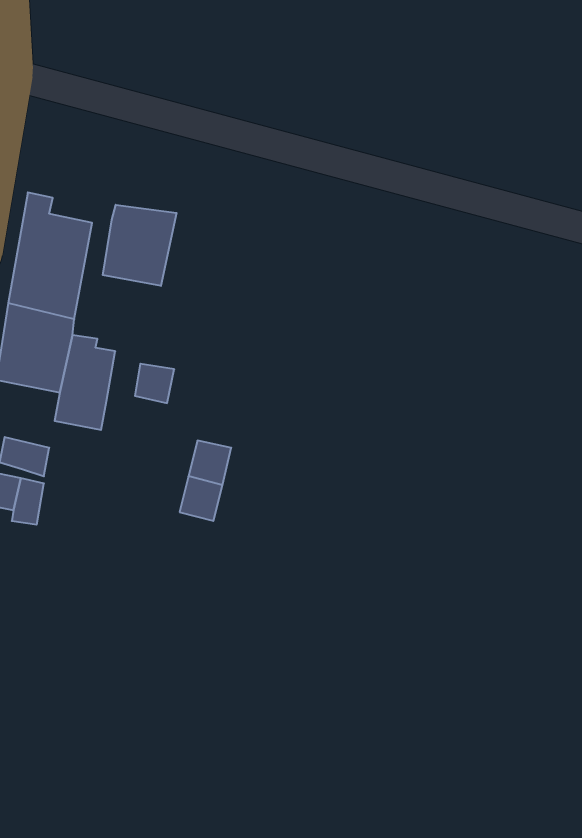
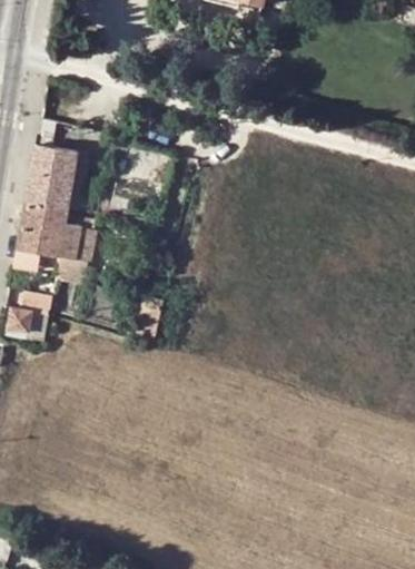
building: [103,205,177,286] -> none

